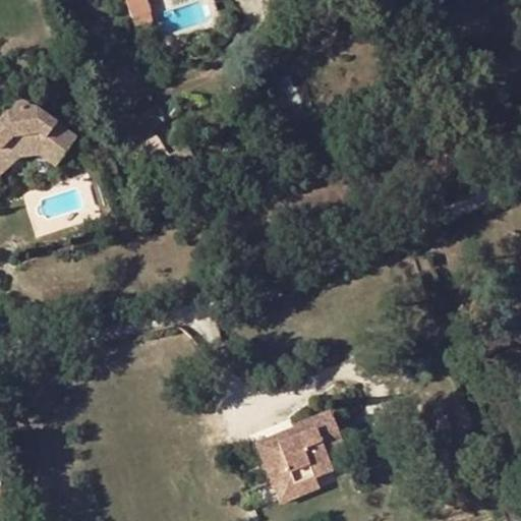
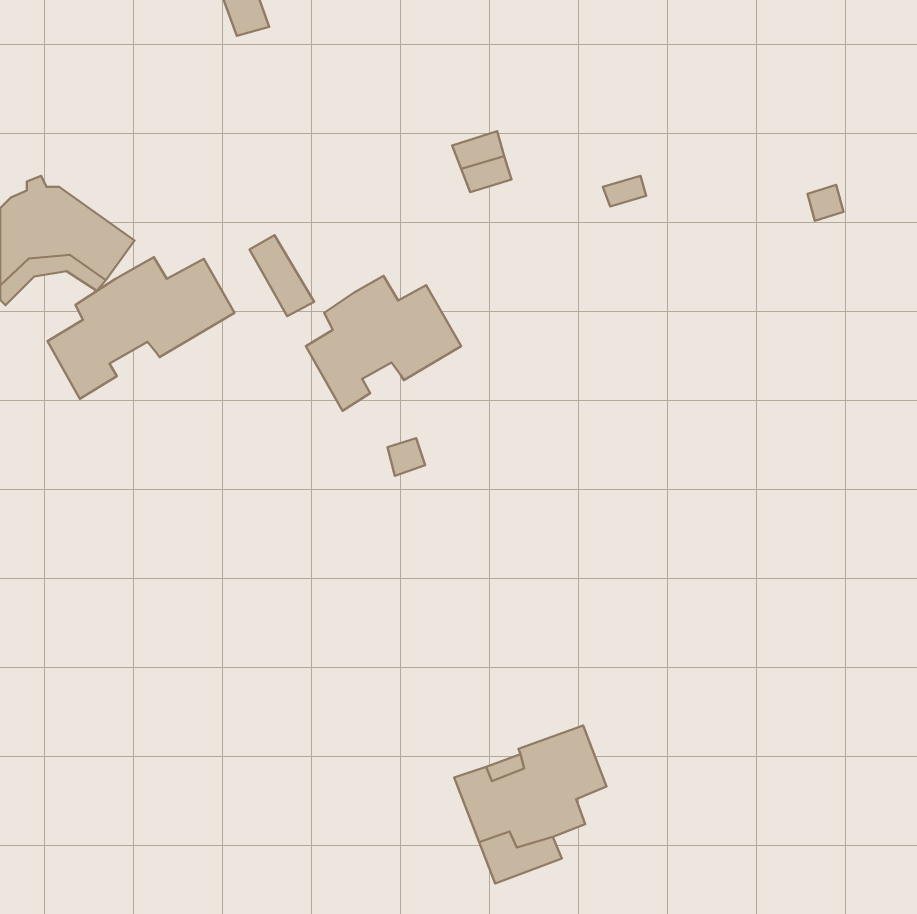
building: none -> [48,257,235,399]
building: none -> [306,276,461,411]

